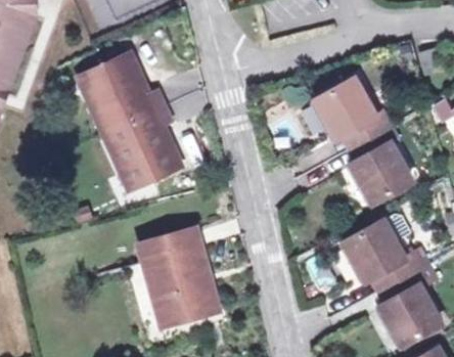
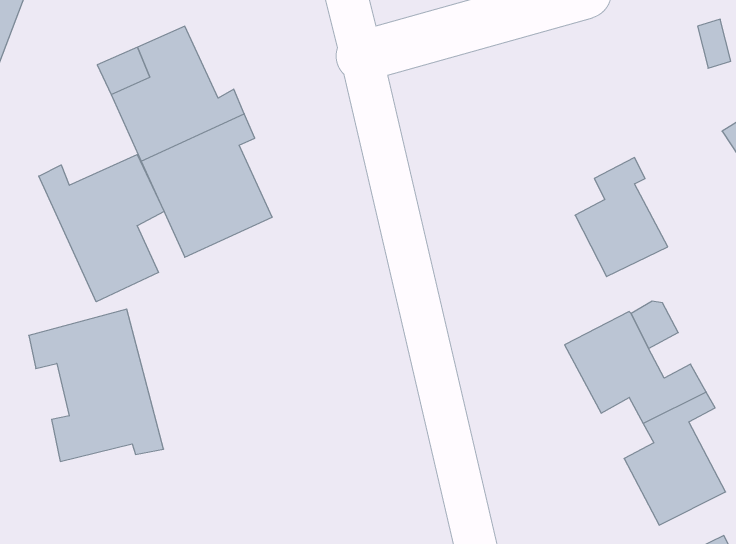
building: [315,78,387,142] -> none
building: none -> [39,155,164,302]
building: [140,236,219,325] -> [29,309,164,461]

